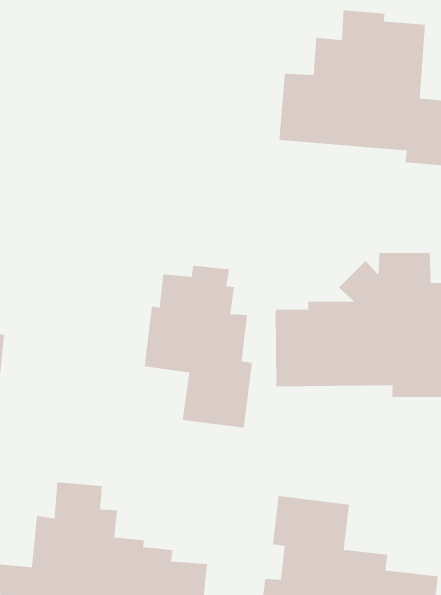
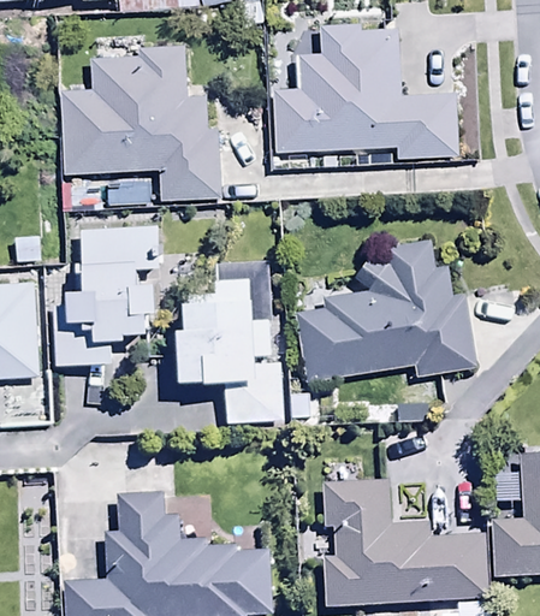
building: none -> [63,46,220,200]
building: none -> [55,224,159,363]

